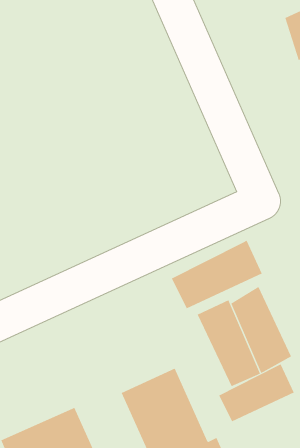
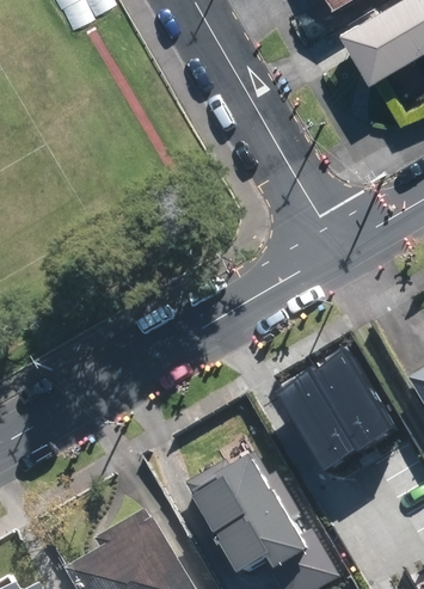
building: [171,240,263,309] -> none
building: [218,363,295,422] -> none

